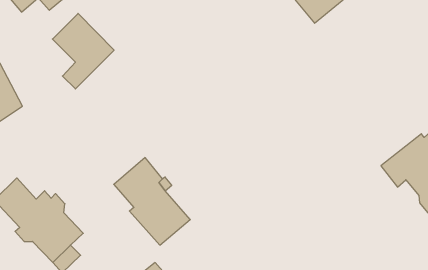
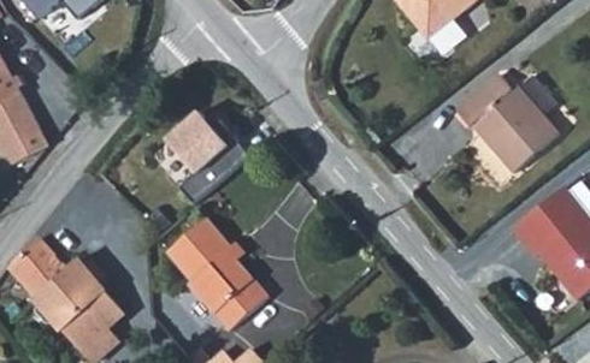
building: [52,13,114,89] -> [170,111,250,209]
building: none -> [458,69,561,168]

